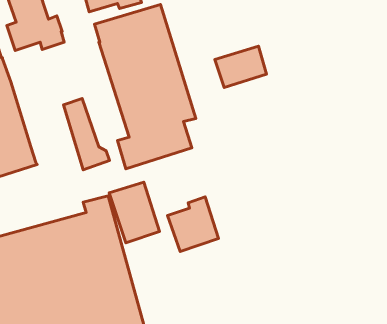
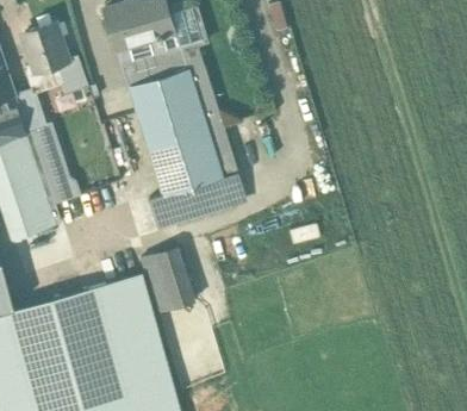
building: [215,46,267,87] -> none
building: [63,99,109,170] -> [27,124,80,205]
building: [167,197,218,251] -> none

